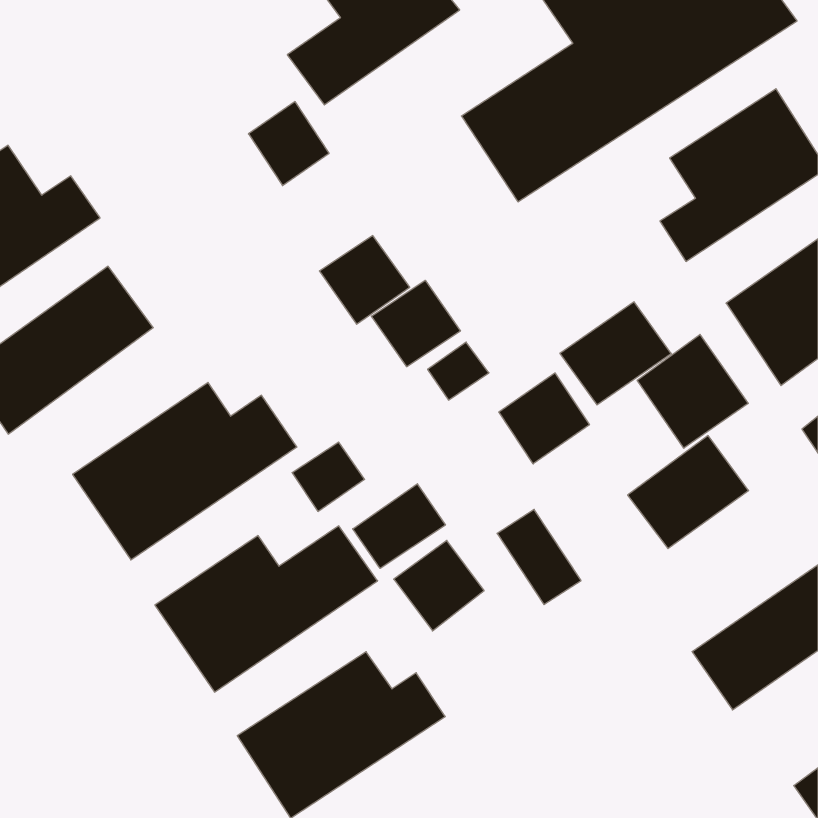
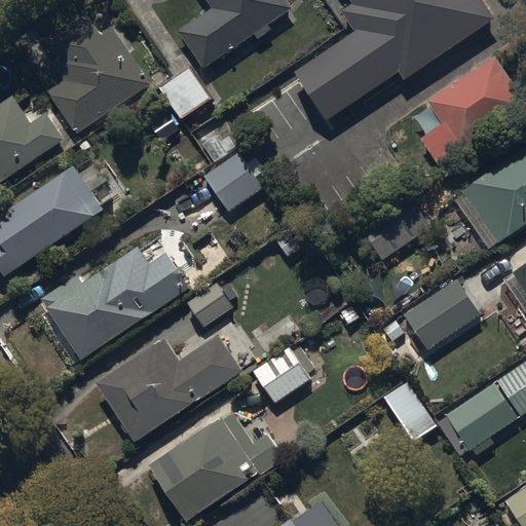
building: none -> [44,13,151,133]
building: [371,280,460,367] -> none
building: [637,334,748,448] -> none
building: [499,373,589,464] -> none
building: [353,484,445,568] -> none
building: [497,509,581,605] -> [381,379,435,440]

